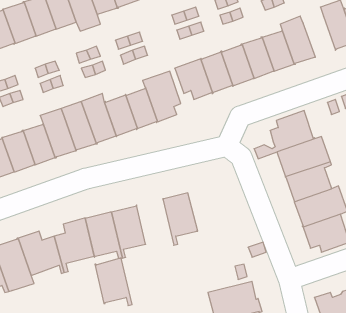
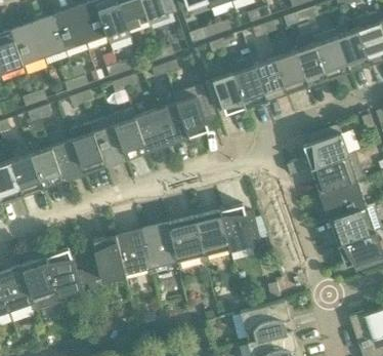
building: none -> [336,30,369,72]
building: none -> [218,205,258,249]
building: [95,258,132,306] -> [166,216,204,265]

